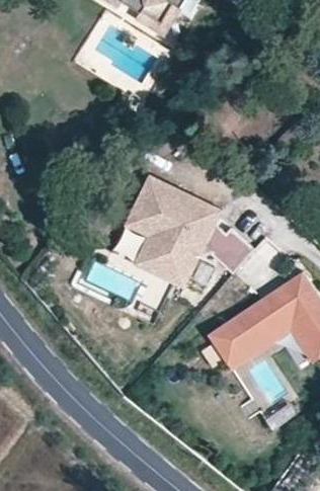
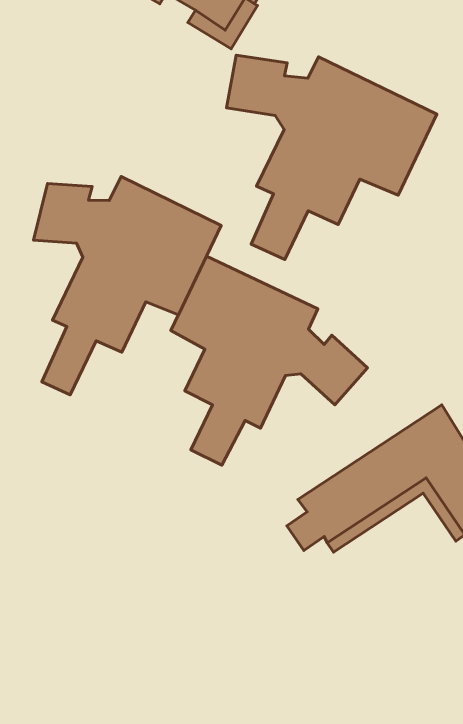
building: none -> [226,55,437,260]
building: none -> [34,177,221,395]

